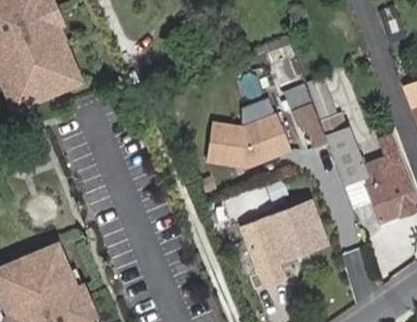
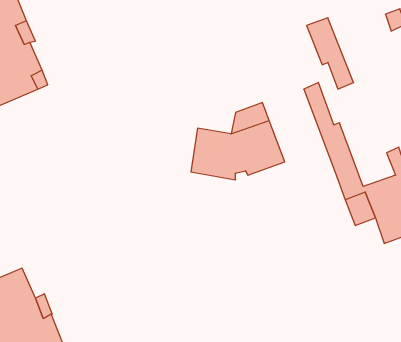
building: [284,84,326,148] -> [307,18,354,89]
building: [243,200,325,267] -> none

